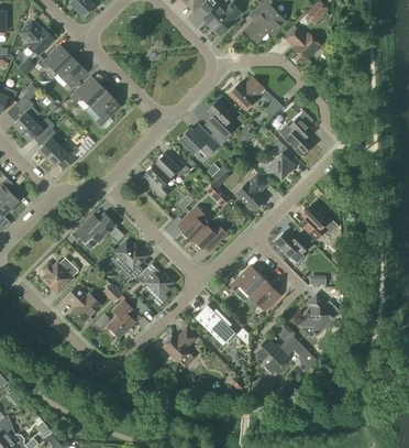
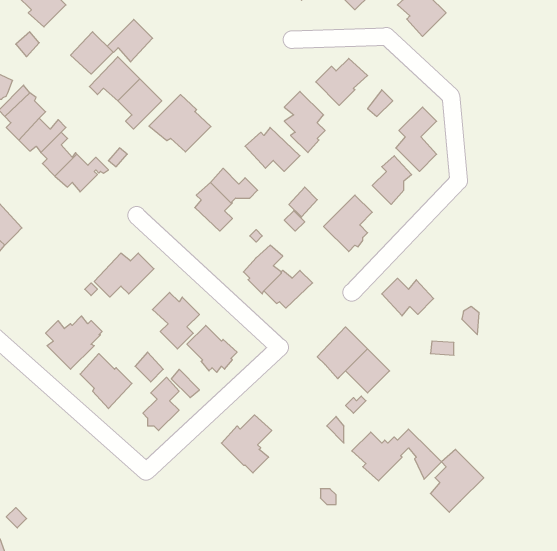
building: [41,45,73,75] -> [107,19,153,62]
building: none -> [149,95,211,152]
building: [299,205,329,241] -> none
building: [299,295,336,339] -> [430,449,484,512]
building: [198,305,235,342] -> none

